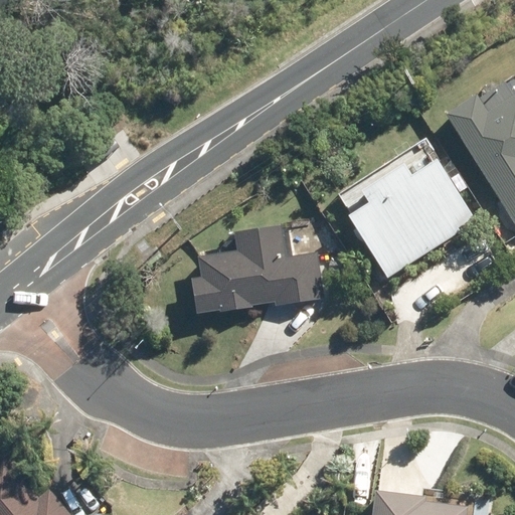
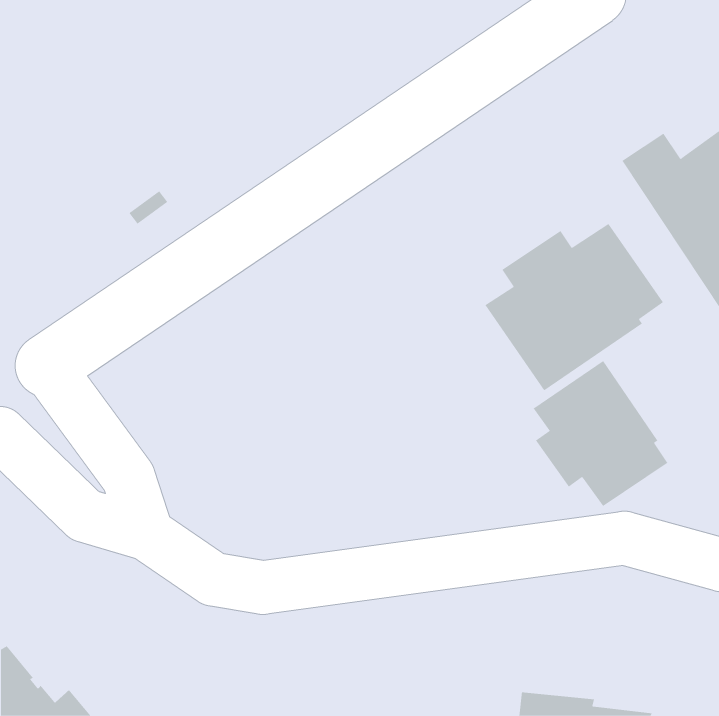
building: [190,223,324,314] -> none
building: none -> [533,360,668,507]

